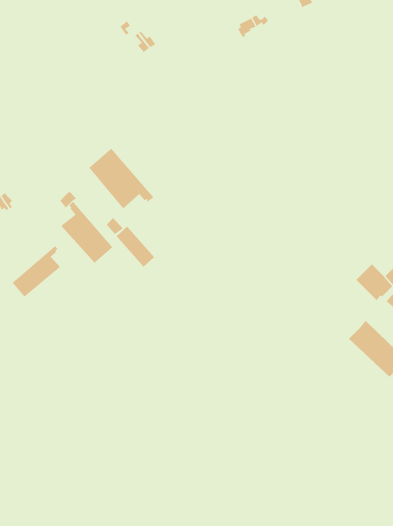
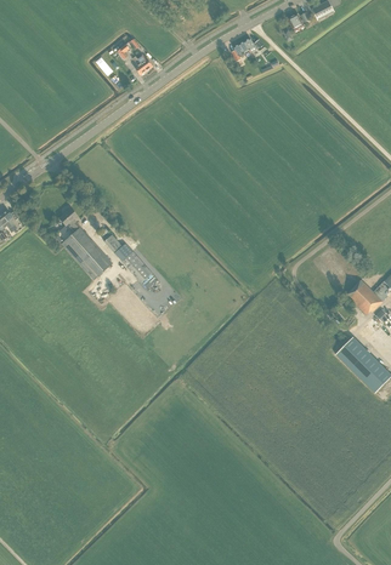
building: [89,148,154,209] -> none
building: [12,245,61,298] -> none

